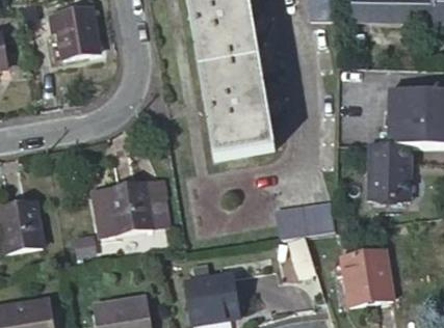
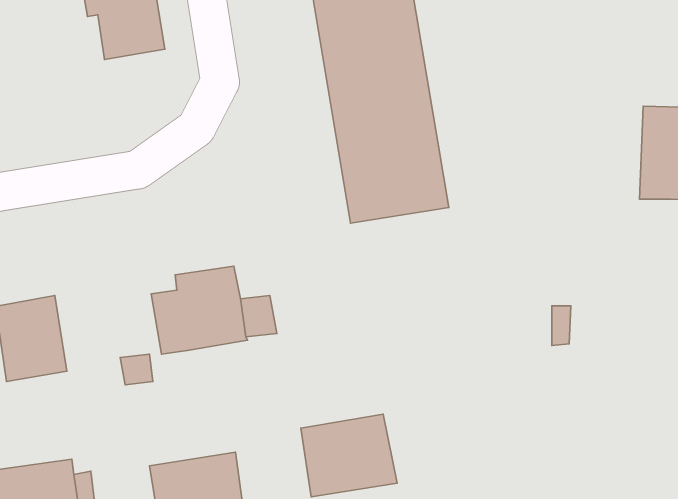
building: [369,143,408,199] -> none
building: [273,203,333,241] -> none
building: [341,247,391,303] -> none

